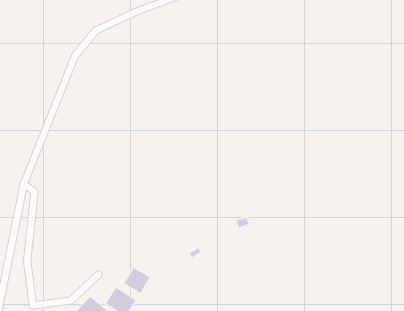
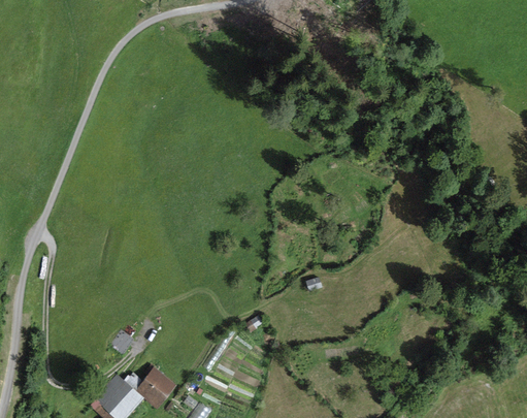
building: [124,267,150,294] -> none

